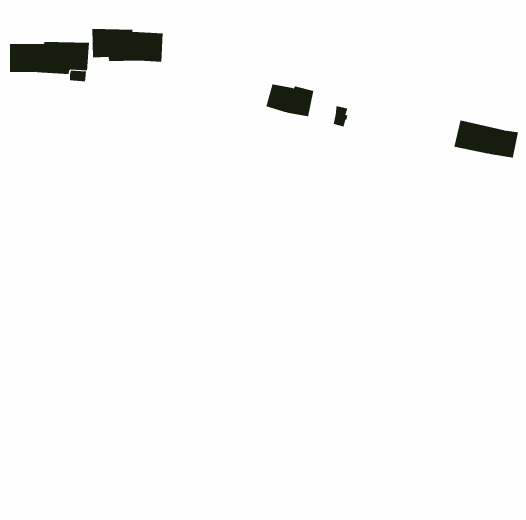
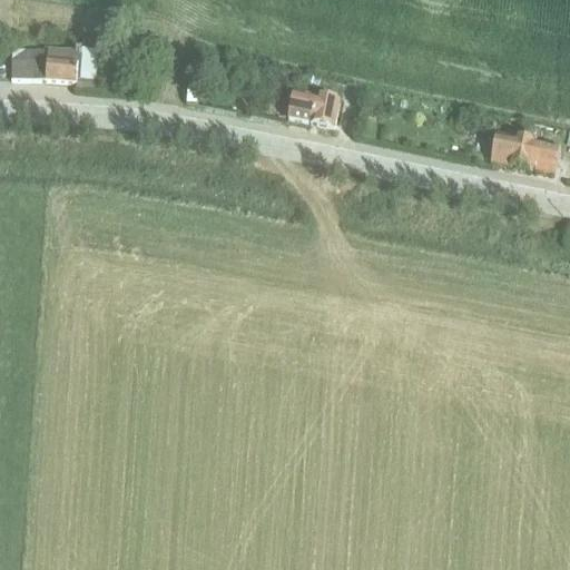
building: [92,28,163,62] -> none

